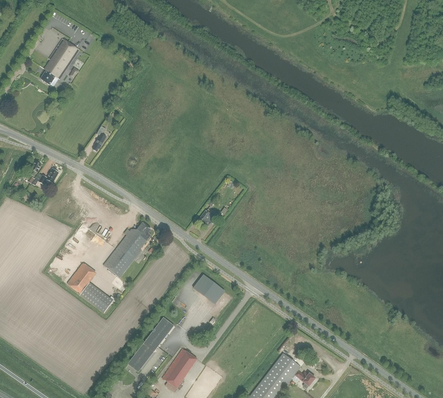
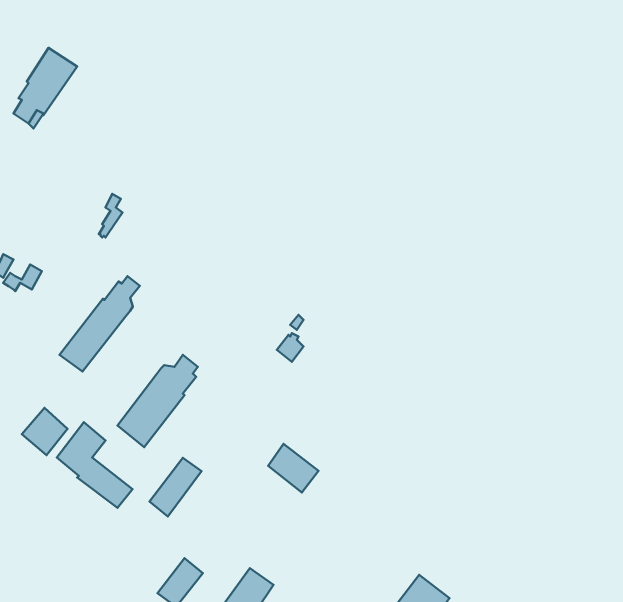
building: none -> [60,276,140,371]
building: none -> [22,408,68,455]
building: [143,316,174,351] -> [149,458,201,517]

